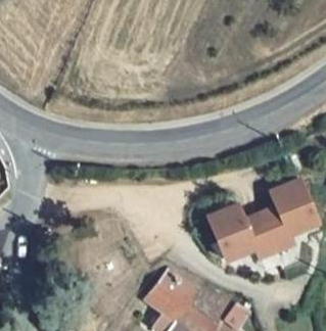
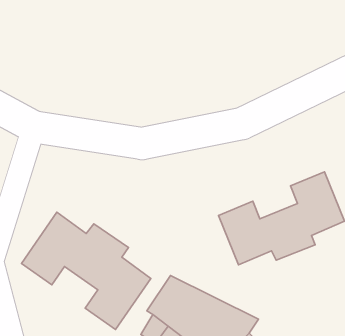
building: none -> [22,212,151,330]

